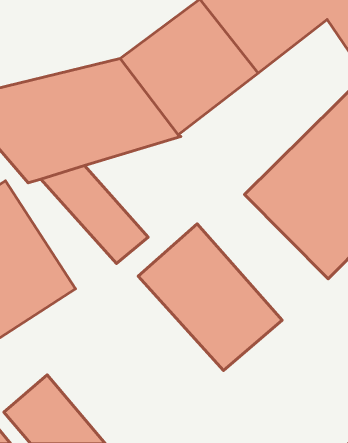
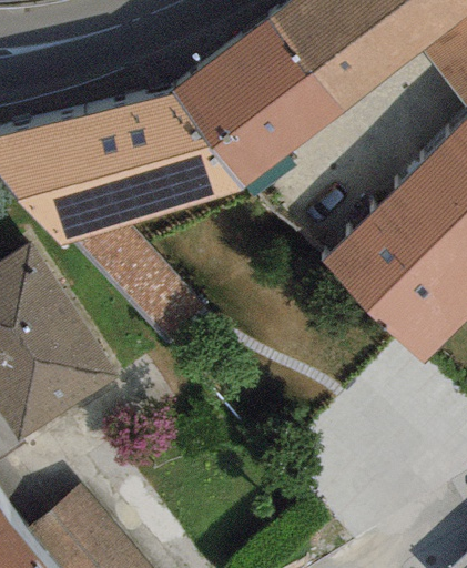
building: [138,224,282,371] -> none

